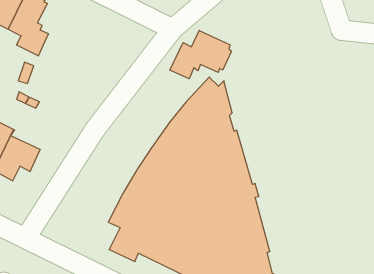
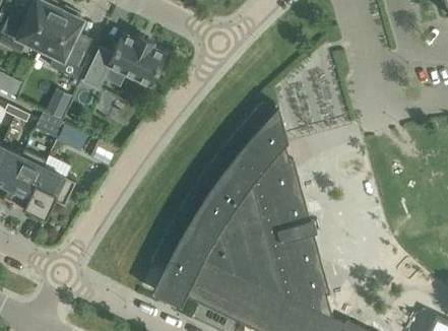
building: none -> [83,35,165,88]
building: [170,30,231,79] -> none

